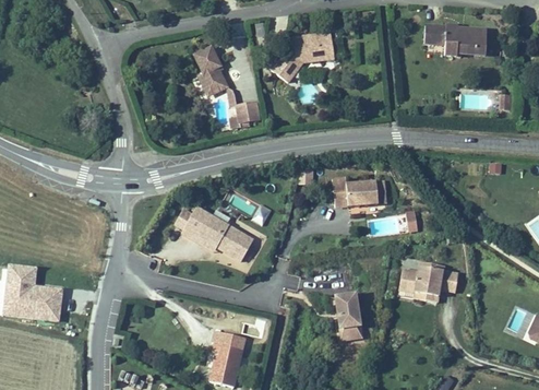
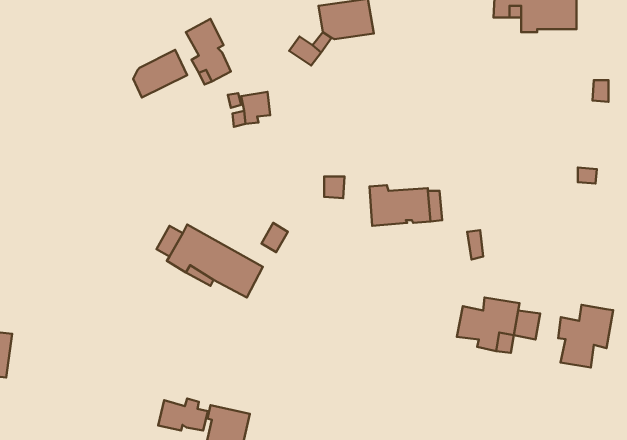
building: none -> [133,50,187,98]
building: none -> [558,305,613,367]
building: [333,285,362,338] -> none
building: none -> [158,399,208,431]

